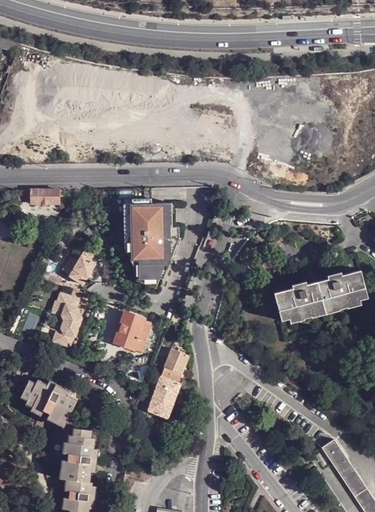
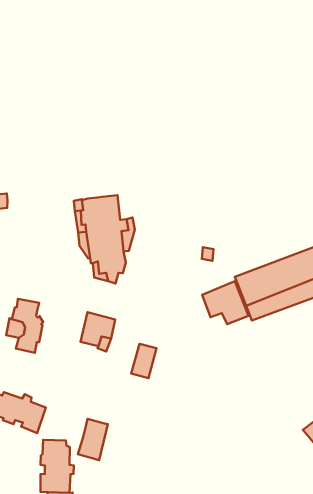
building: [68,247,95,282] -> none
building: none -> [202,281,249,324]
building: [148,375,180,416] -> [78,419,108,460]

